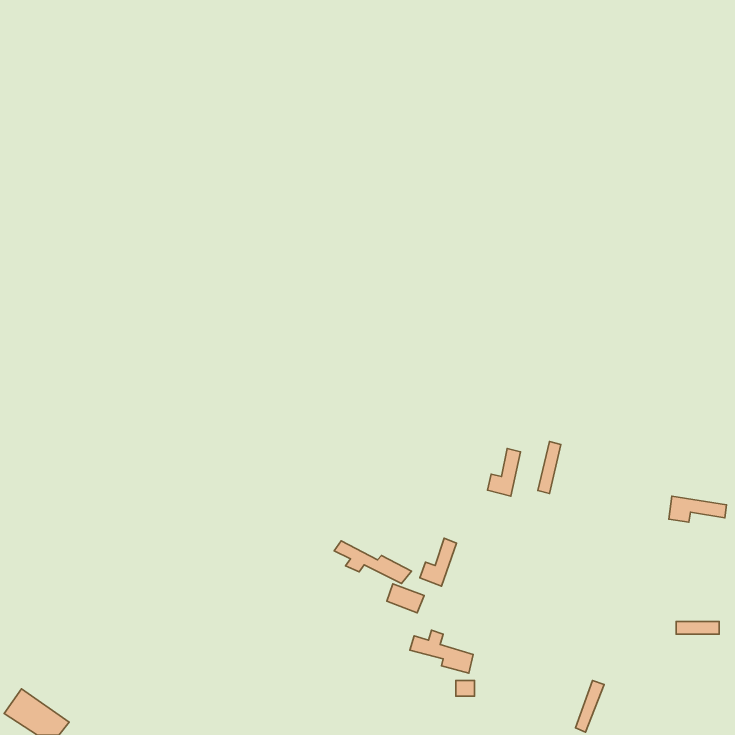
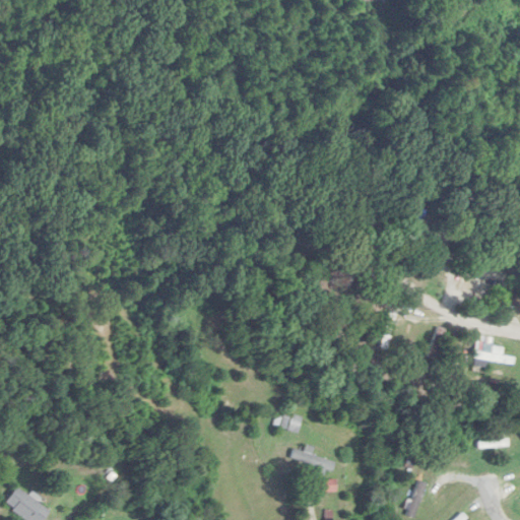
building: [487,448,520,496] -> none
building: [420,538,456,586] -> none
building: [334,541,412,583] -> none

